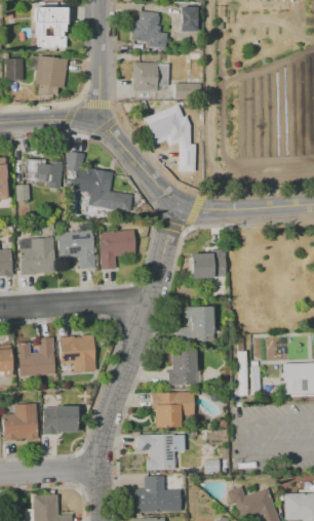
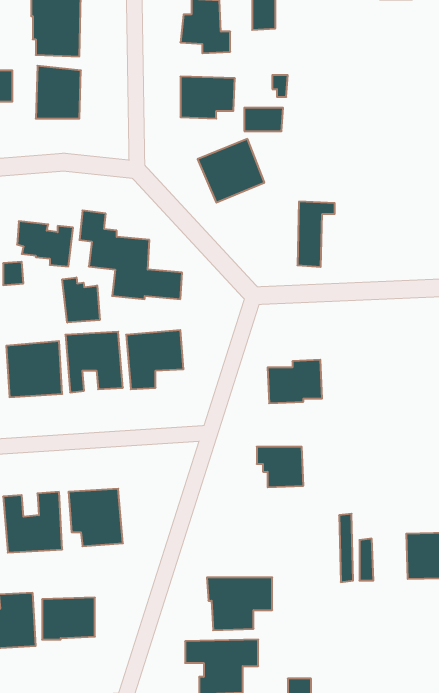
building: [179,136,203,179] -> [297,202,335,267]
building: none -> [62,277,100,323]
building: [168,351,201,386] -> none

